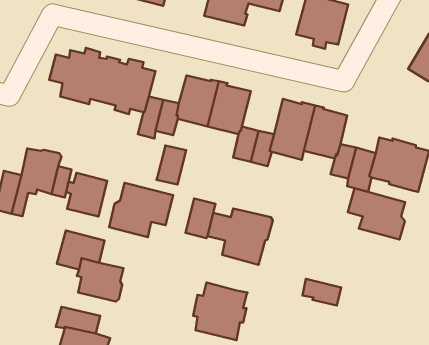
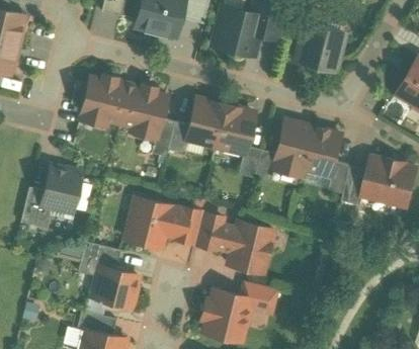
building: [156,146,186,184] -> [176,208,203,244]
building: [66,173,107,216] -> none
building: [348,188,405,239] -> none
building: [302,279,341,305] -> [242,281,277,306]

